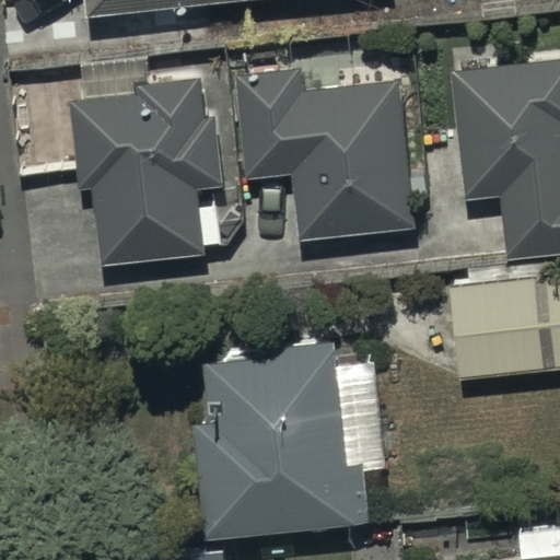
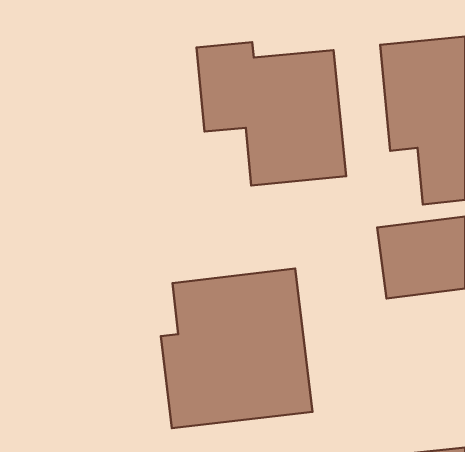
building: [69,78,224,264] -> none

